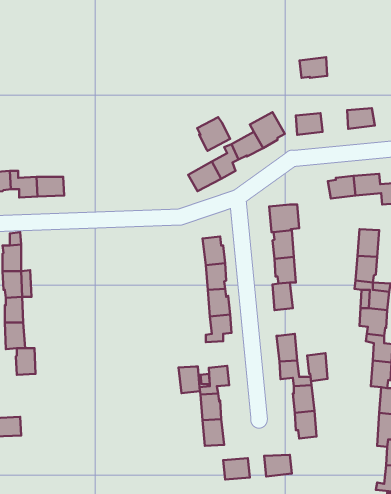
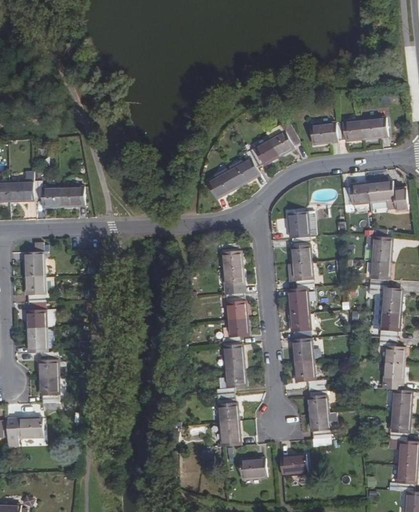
building: [299,57,327,78] -> [335,120,362,140]
building: [197,117,230,151] -> none
building: [307,353,328,381] -> [290,313,310,340]
building: [178,367,200,393] -> [223,345,244,371]
building: none -> [39,377,59,403]

